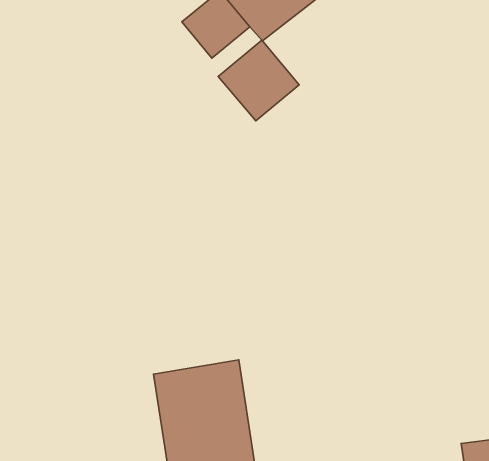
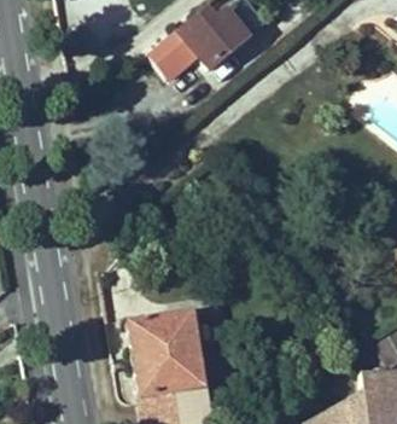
building: [218,40,299,121] -> none

